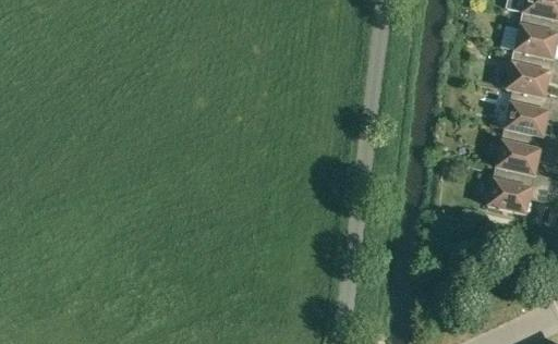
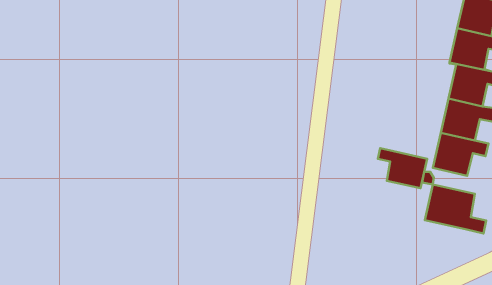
building: none -> [378,148,427,188]
building: none -> [425,185,486,233]

